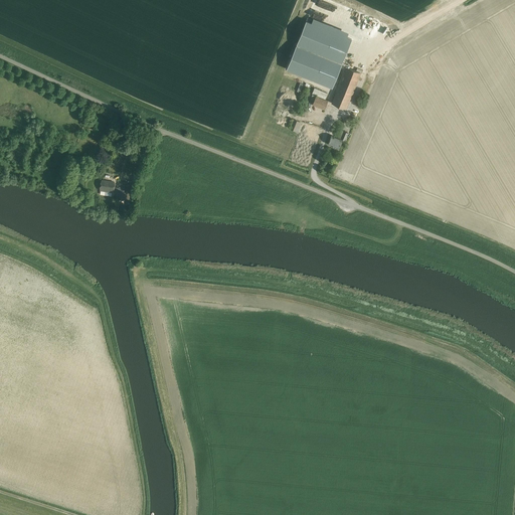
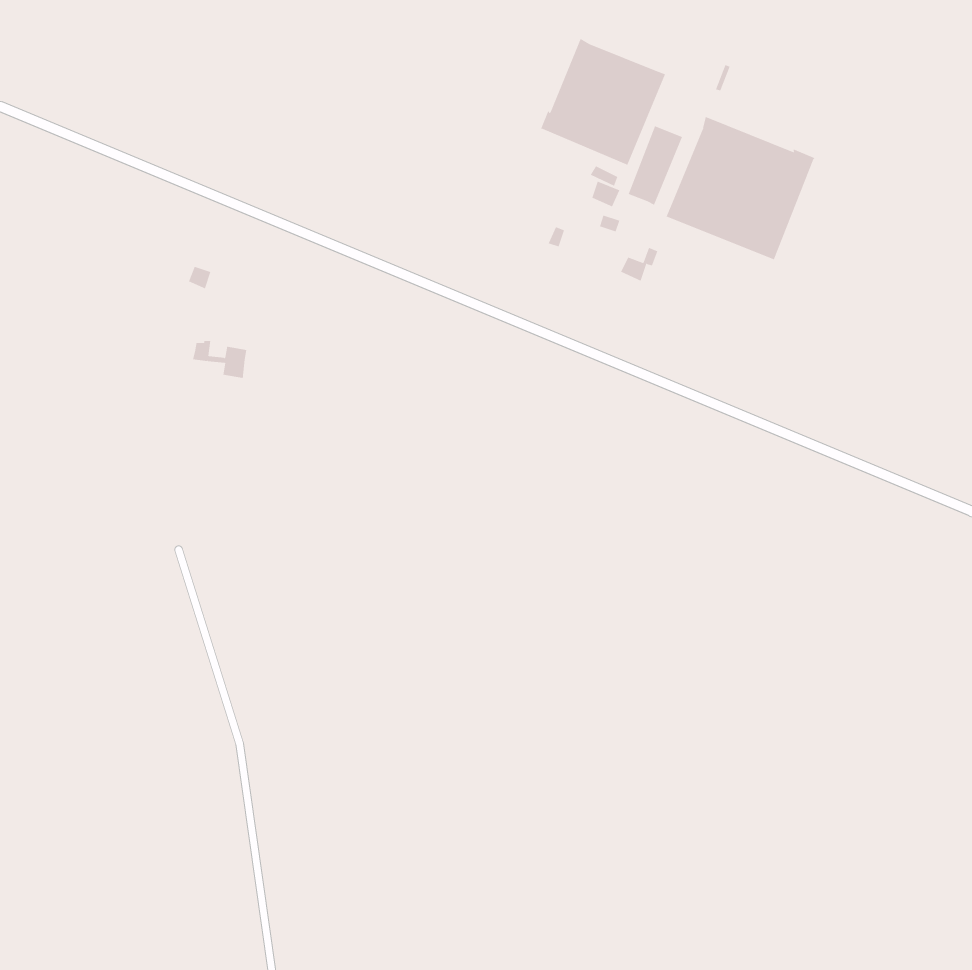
building: none -> [666,116,816,260]

